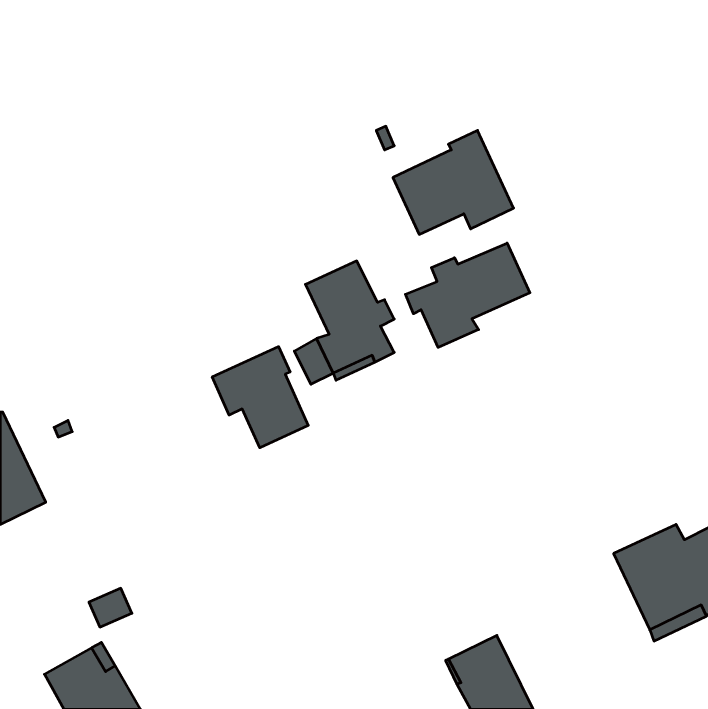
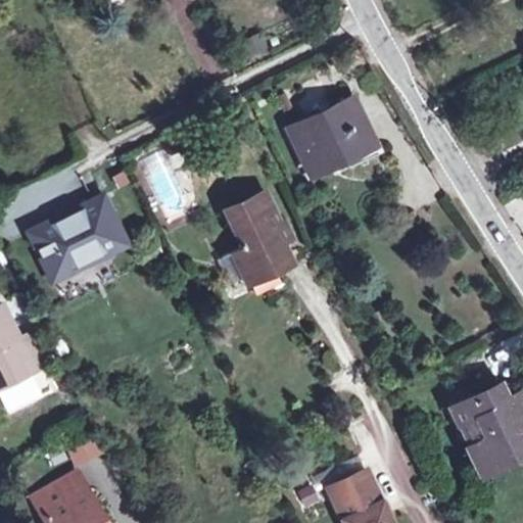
building: [405,243,530,347] -> none
building: none -> [29,195,126,279]
building: [212,347,308,448] -> none

